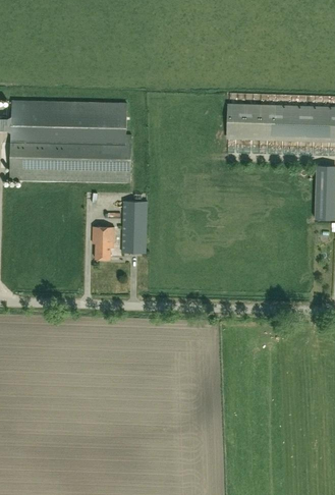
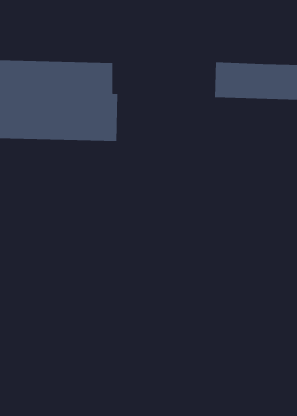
building: [122,202,147,253] -> none
building: [93,227,114,260] -> none

